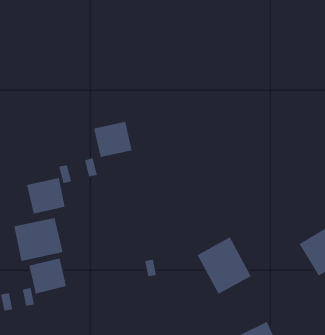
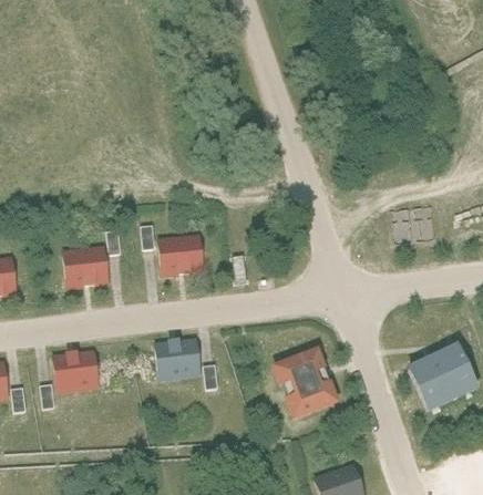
building: [93,121,133,158] -> [156,233,204,277]
building: [14,217,63,262] -> none
building: none -> [154,338,201,381]

